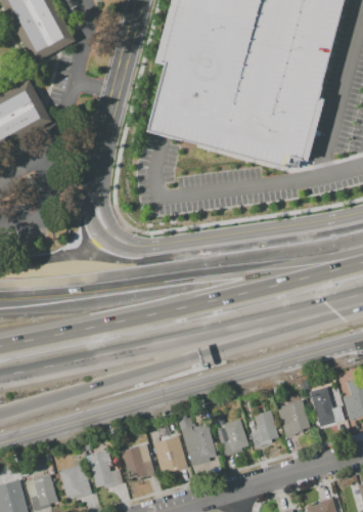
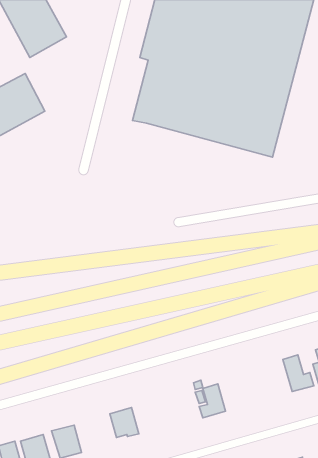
building: [276,394,310,438] -> none
building: [251,411,279,449] -> none
building: [178,415,211,466] -> none
building: [152,420,186,471] -> none
building: [87,450,123,487] -> none

